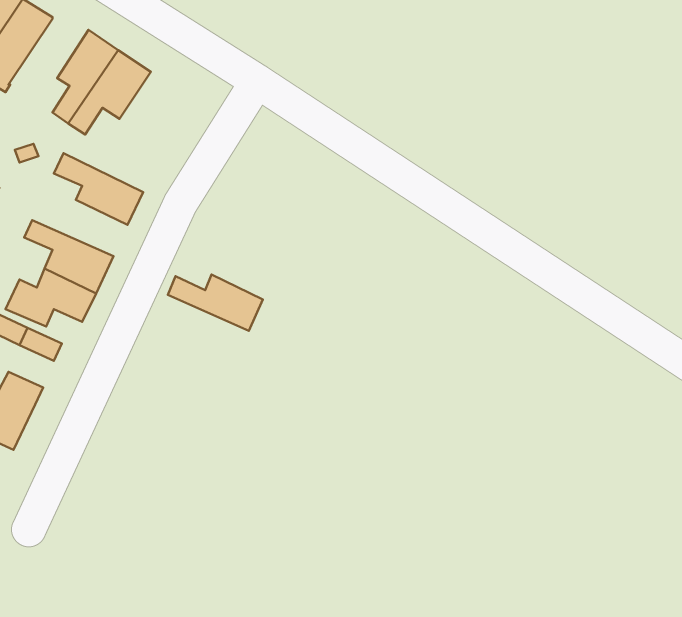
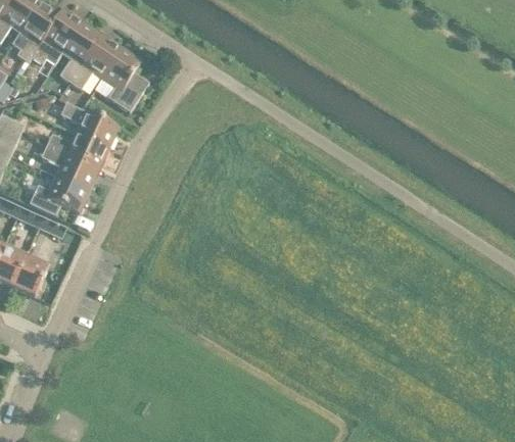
building: none -> [30,7,82,63]
building: none -> [102,48,148,111]
building: [168,275,263,331] -> [45,132,107,168]

